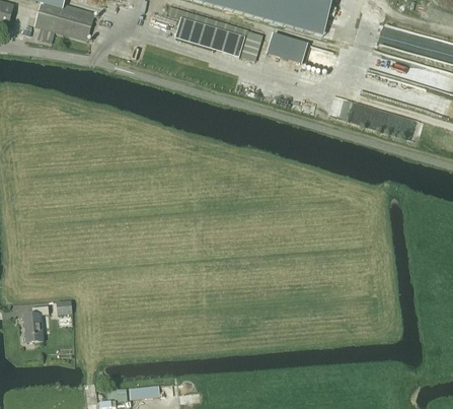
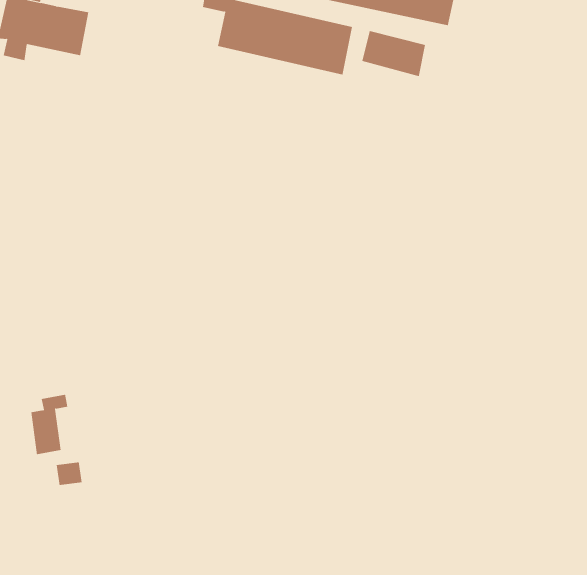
building: [24,303,49,341] -> [30,394,68,455]

